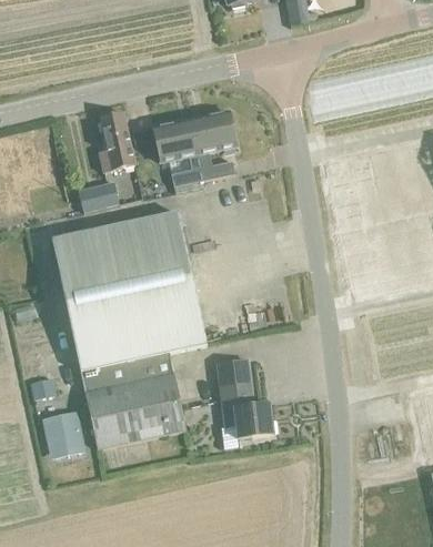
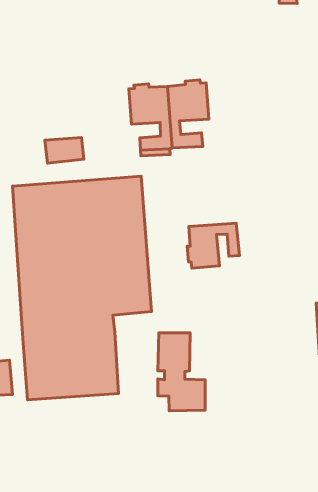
building: [99,112,134,172] -> none
building: none -> [187,223,239,268]

